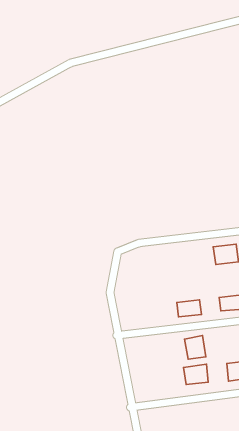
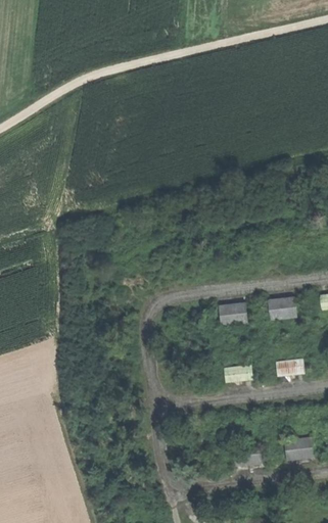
building: none -> [219,301,248,326]
building: [184,336,206,359] -> none

